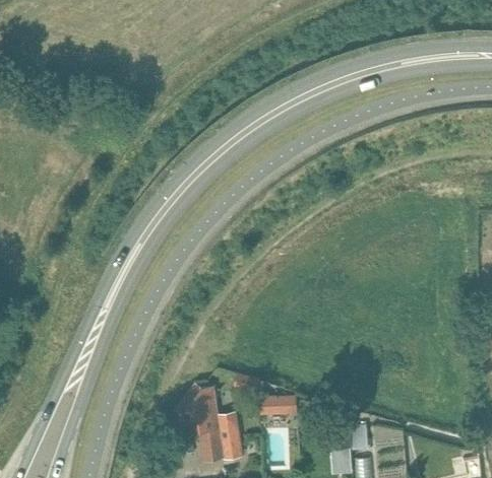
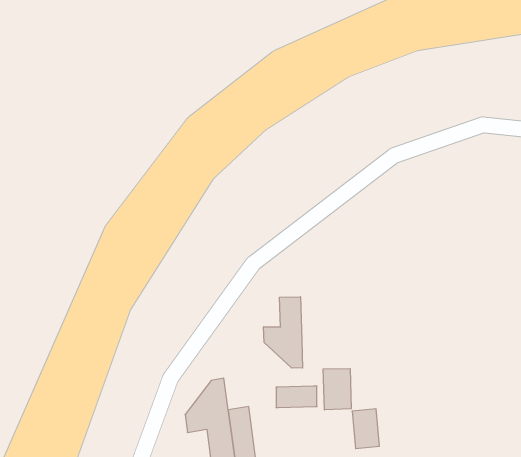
building: none -> [264,297,302,368]
building: none -> [323,369,351,410]

